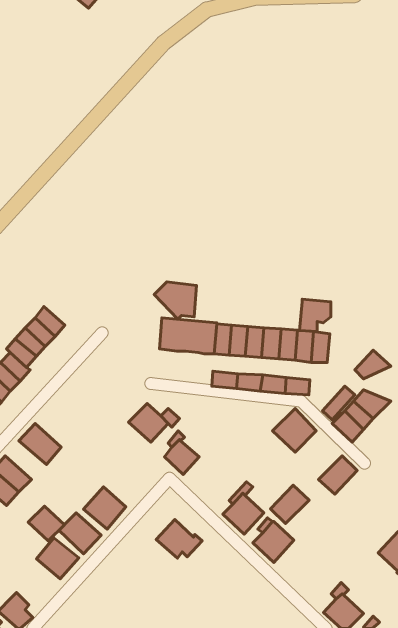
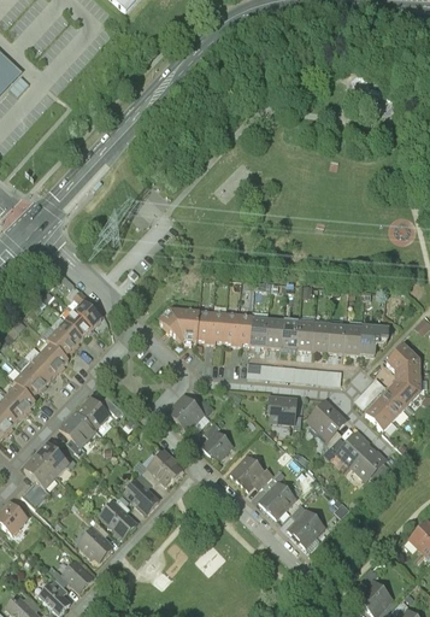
building: [154,282,197,319] -> [157,306,198,342]
building: [300,299,331,332] -> [358,323,388,354]
building: none -> [393,357,419,390]
building: none -> [266,394,296,424]
building: none -> [75,395,110,429]
building: none -> [148,445,189,486]
building: [271,485,309,524] -> [335,429,372,466]
building: [28,506,64,541] -> [61,557,96,590]
building: [156,520,202,558] -> [228,453,272,490]

